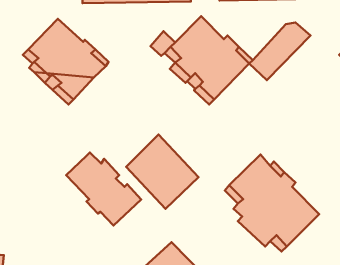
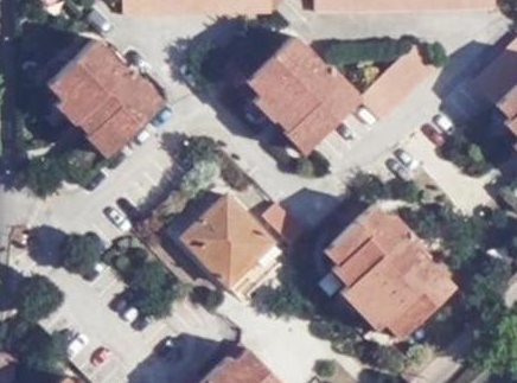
building: [66,152,141,225] -> none

